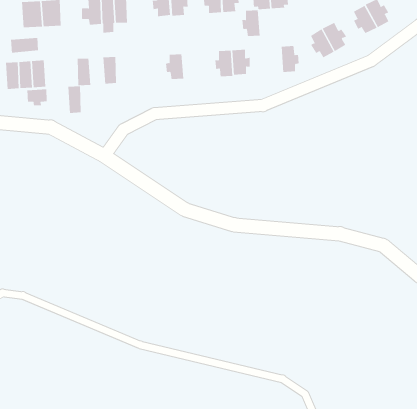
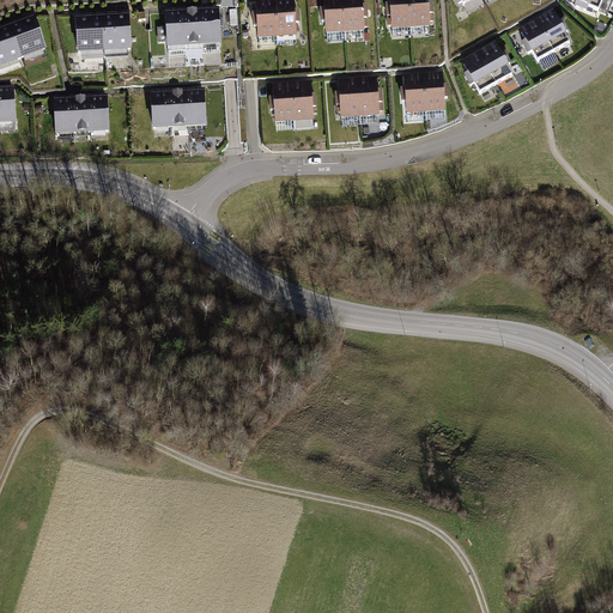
building: [242,10,260,37] -> [400,78,425,114]
building: [10,37,39,54] -> none
building: none -> [291,86,316,121]
building: [67,86,82,113] -> [166,92,186,129]
building: [27,88,47,106] -> none

